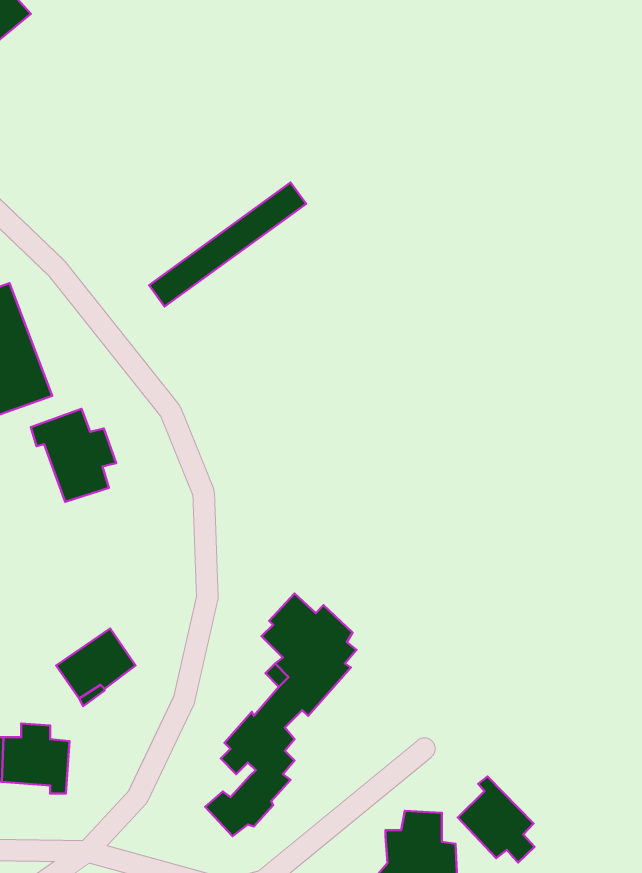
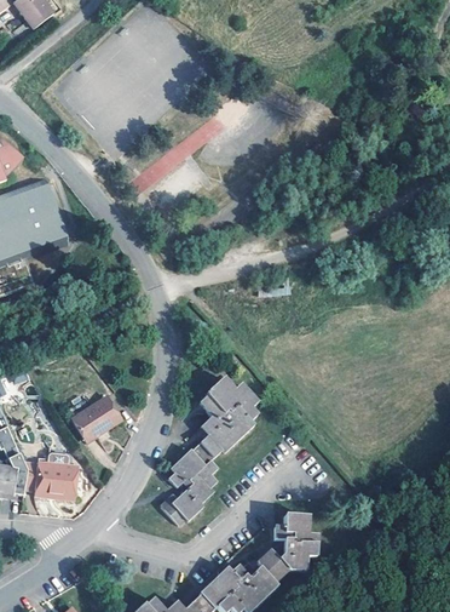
building: [31,409,116,502] -> none
building: [458,777,534,863] -> none

